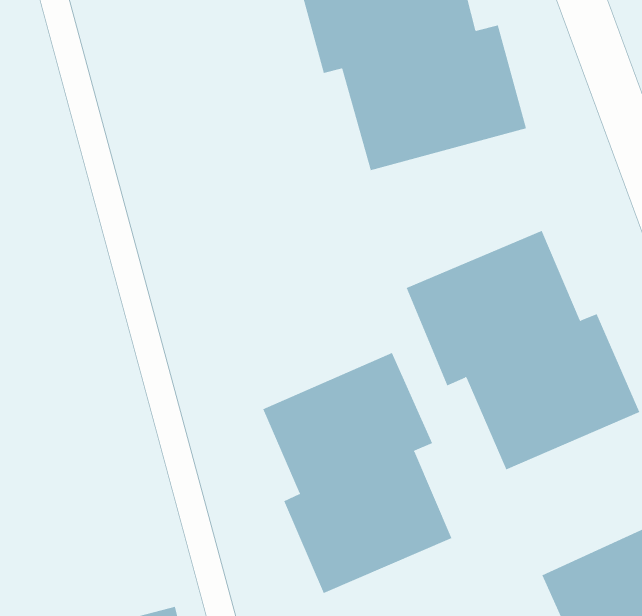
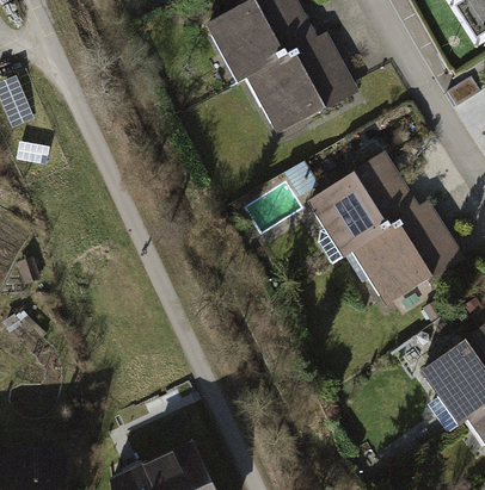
building: [262,352,452,594] -> none

